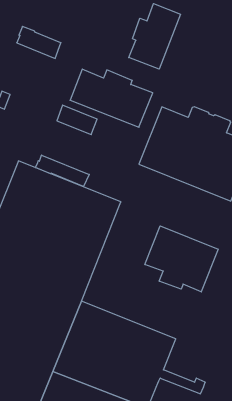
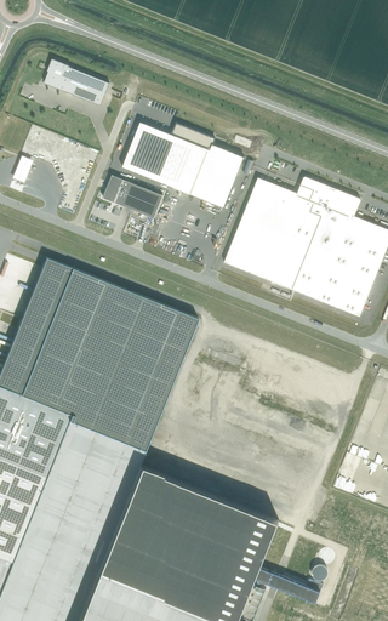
building: [129,4,181,69] -> none
building: [35,155,89,186] -> none
building: [145,226,218,292] -> none

